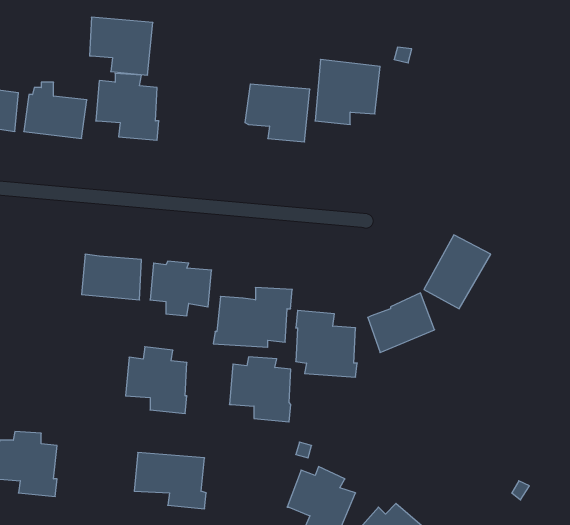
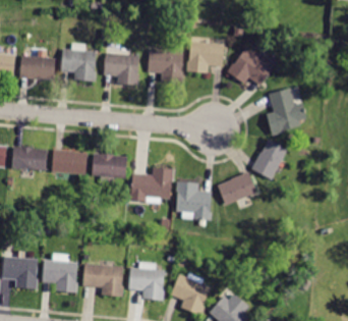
building: [90,17,153,75] -> [104,53,140,87]
building: none -> [228,48,280,87]
building: none -> [266,88,307,136]
building: none -> [11,147,48,171]
building: [126,347,187,413] -> [42,254,77,292]
building: [229,357,291,422] -> [128,263,164,301]

